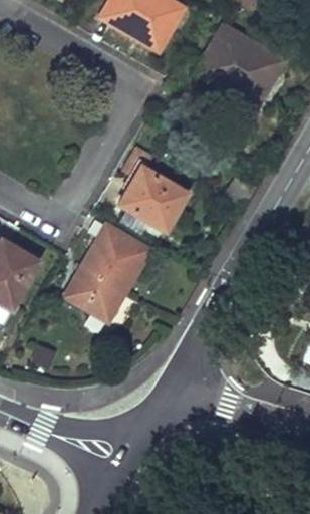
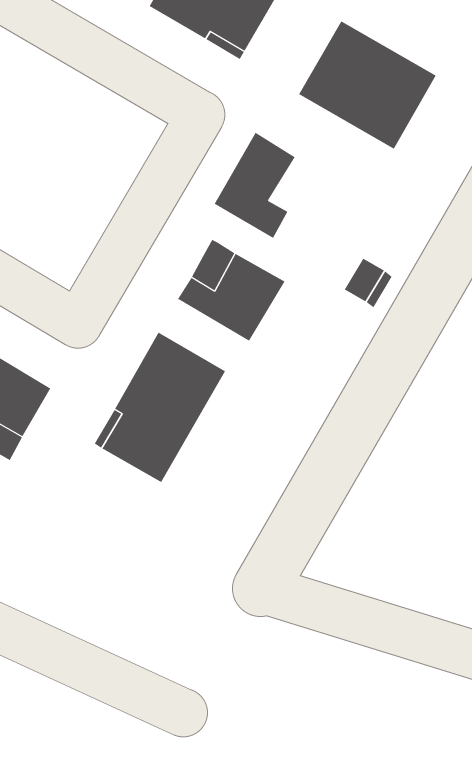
building: none -> [214,132,296,239]

